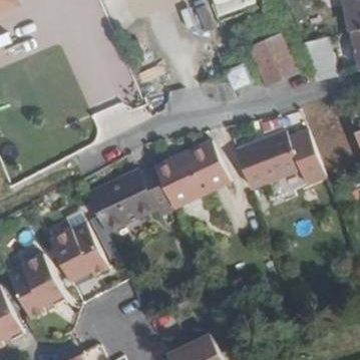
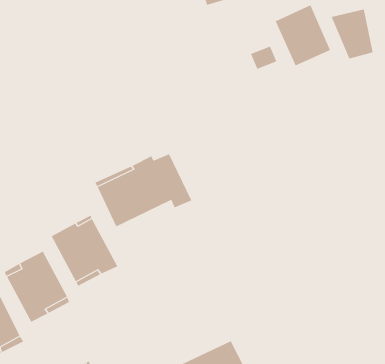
building: [236,128,326,189] -> none
building: [154,138,231,208] -> none

